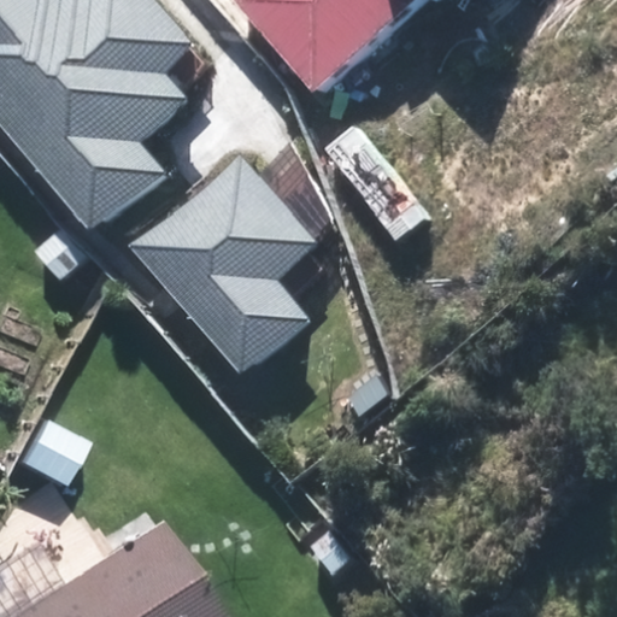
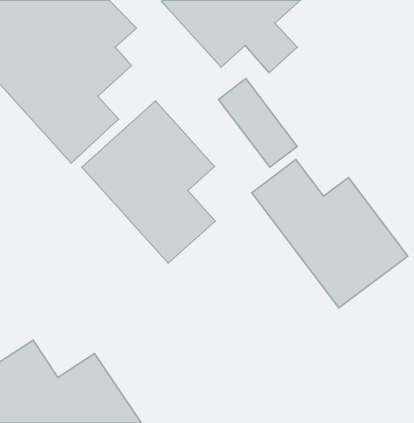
building: none -> [252,160,408,308]

